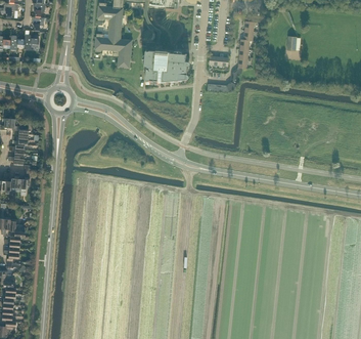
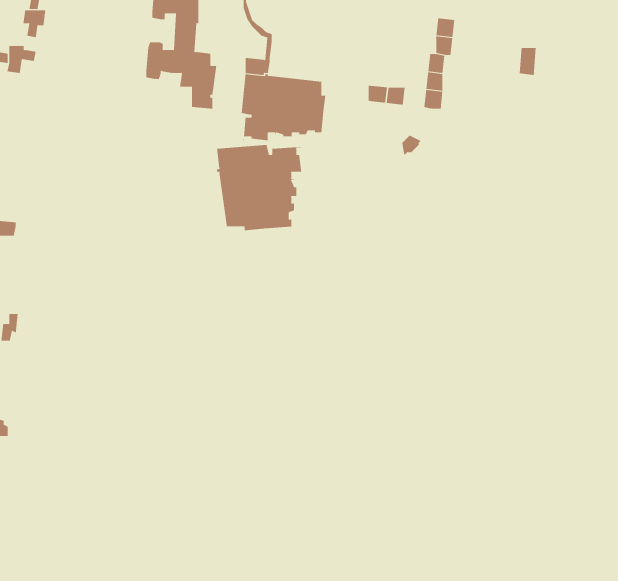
building: none -> [216,144,302,231]

